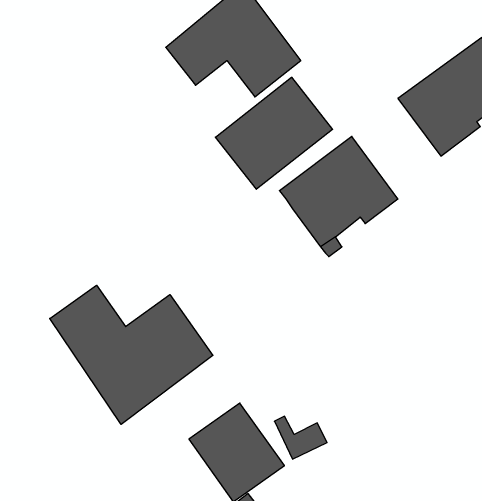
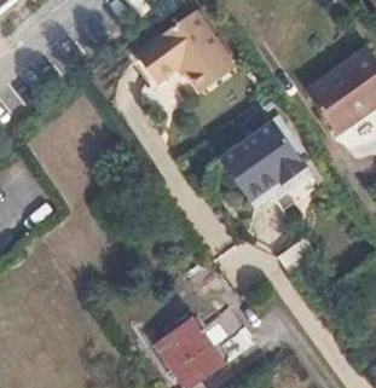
building: [215,77,333,189] -> none
building: [50,285,213,424] -> none

